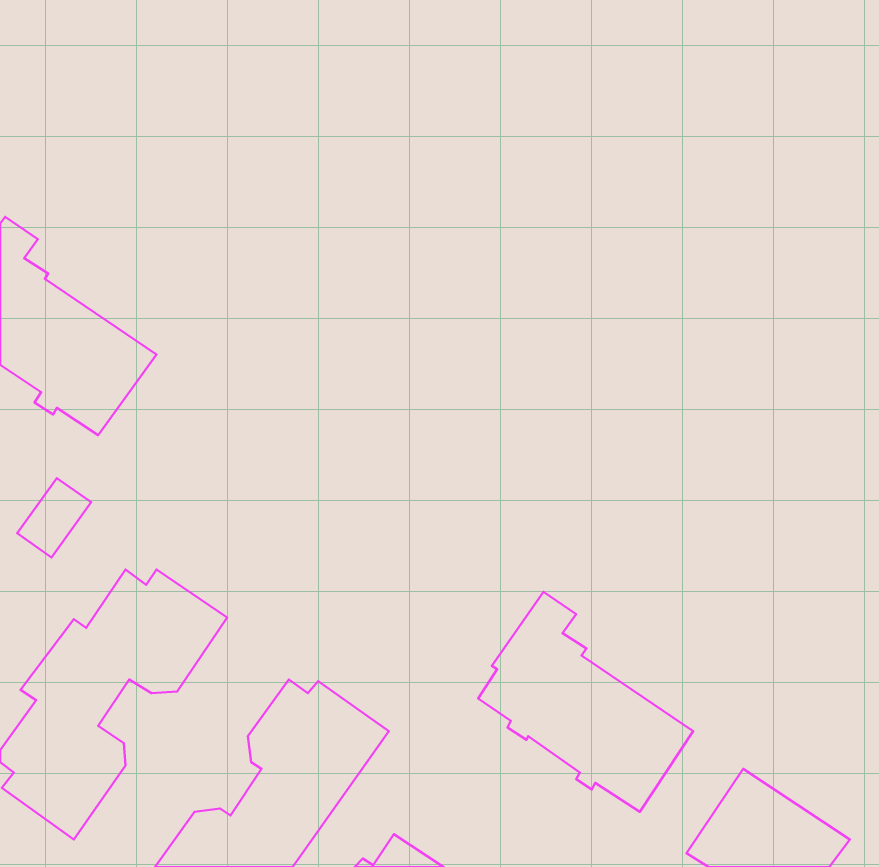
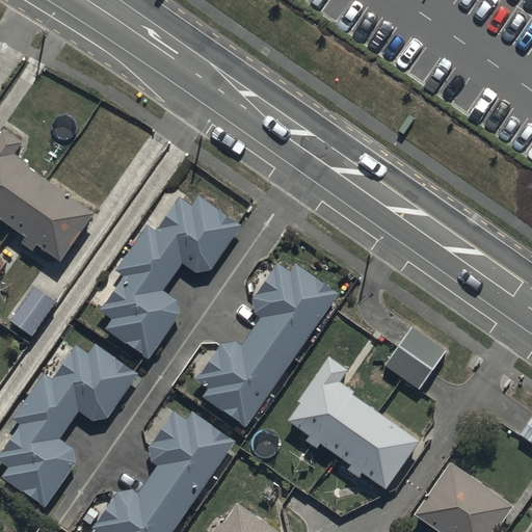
building: none -> [101,195,240,358]
building: none -> [196,262,339,425]
building: none -> [384,325,445,387]

